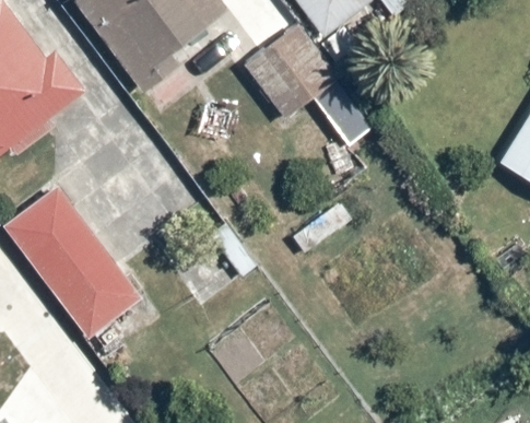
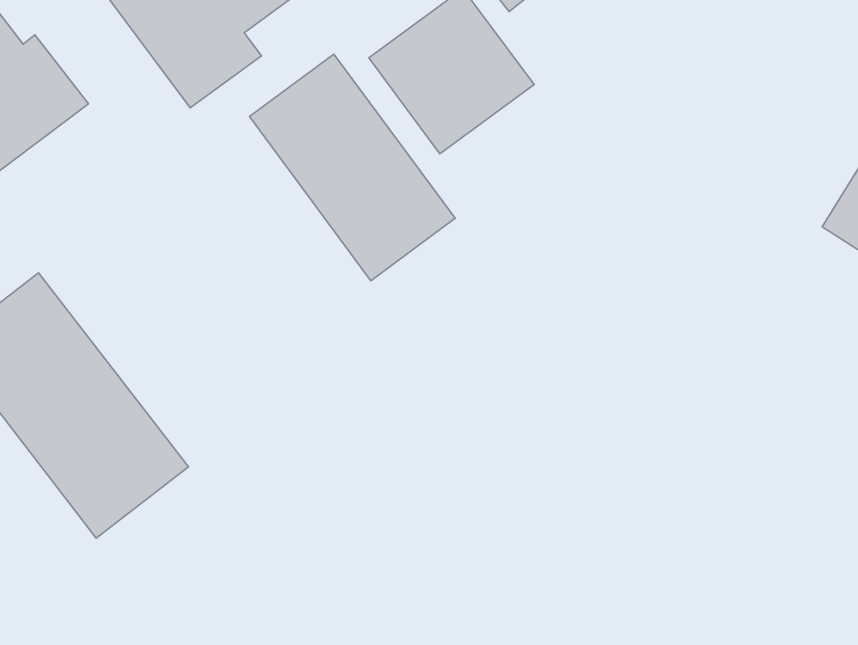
building: none -> [249,54,455,281]

